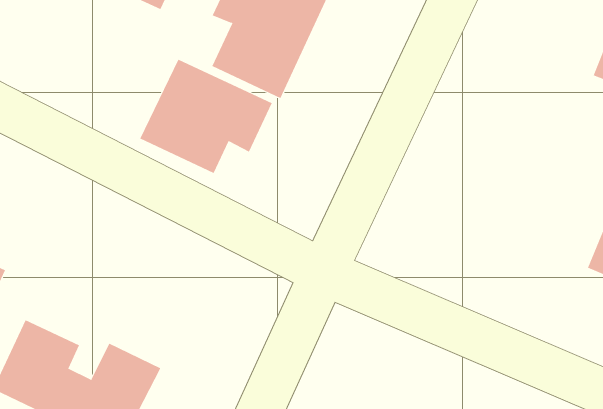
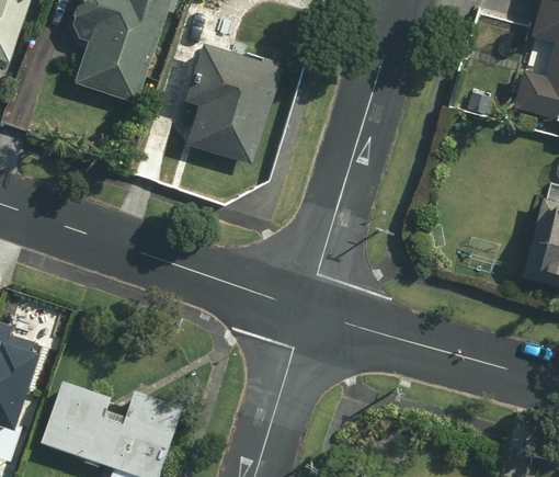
building: [139,59,272,174] -> none

